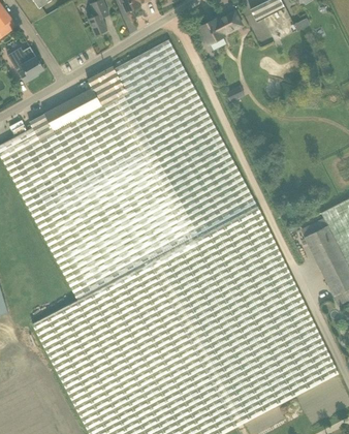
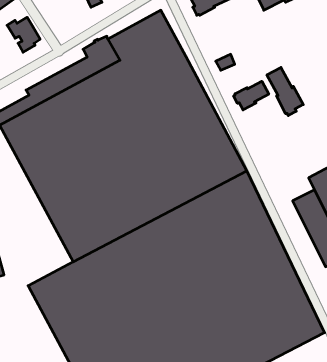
building: none -> [267,67,303,116]
building: none -> [234,81,269,110]

